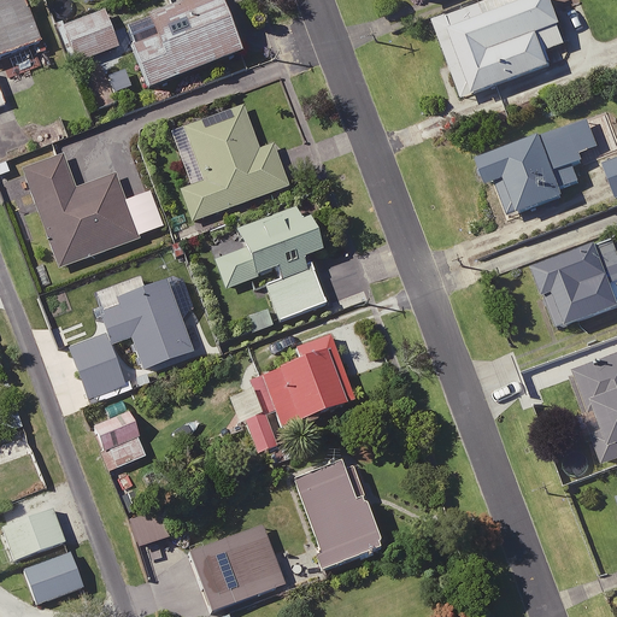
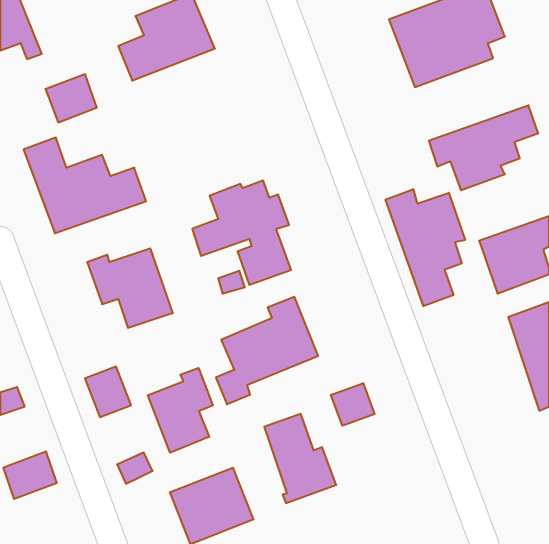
building: [60,7,118,61] -> [45,74,97,122]
building: [172,106,286,218] -> none
building: none -> [386,189,465,306]
building: [71,334,124,398] -> none
building: none -> [148,368,213,453]
building: none -> [331,383,375,426]
building: [25,550,82,601] -> none

